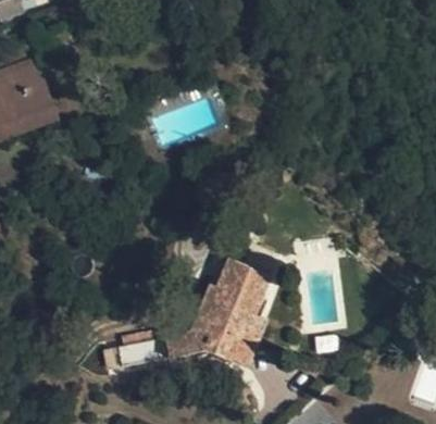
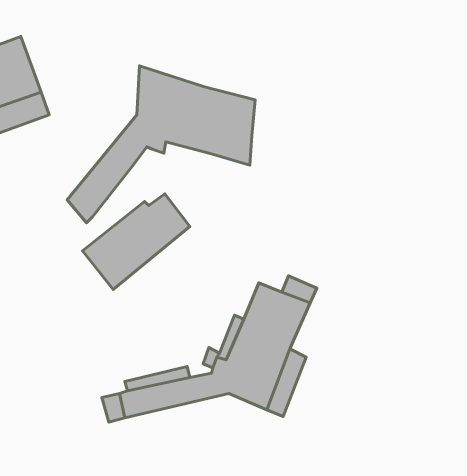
building: none -> [67,66,255,223]
building: none -> [82,194,190,289]

